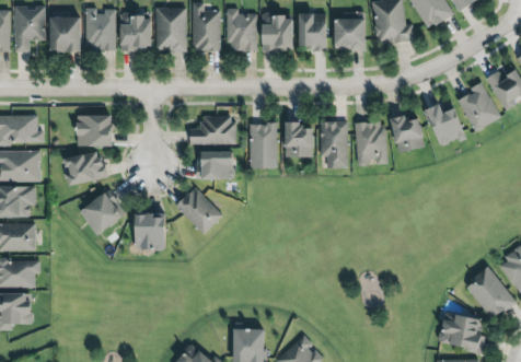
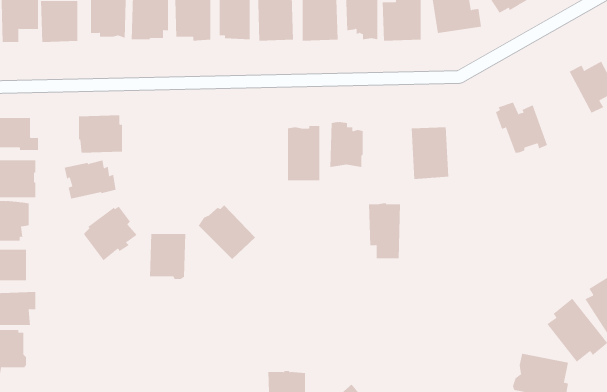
building: [458,82,501,131] -> none
building: [390,113,426,154] -> none
building: [190,116,236,144] -> none
building: [321,121,348,168] -> [368,202,401,259]
building: [197,150,235,179] -> none

